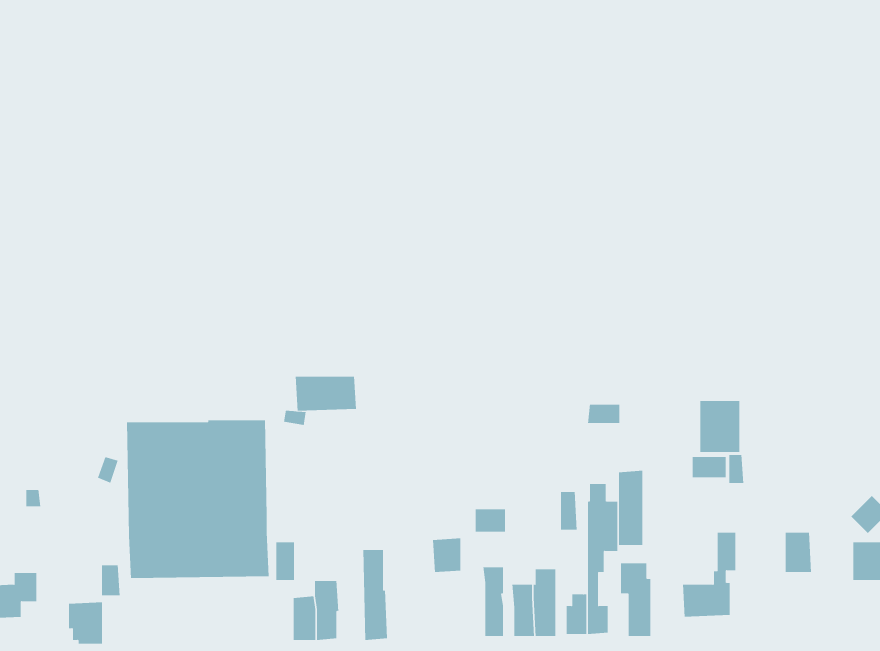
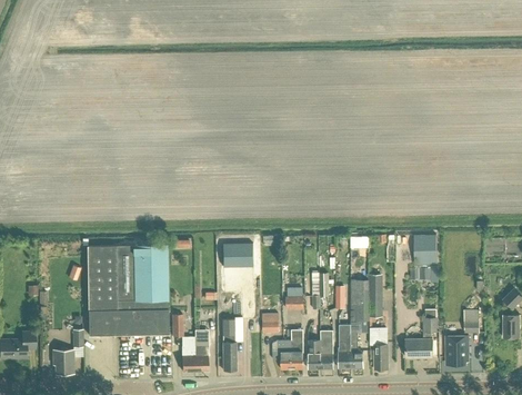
building: [295,376,357,411] -> [219,246,254,266]
building: none -> [445,336,469,372]
building: none -> [273,340,292,369]

